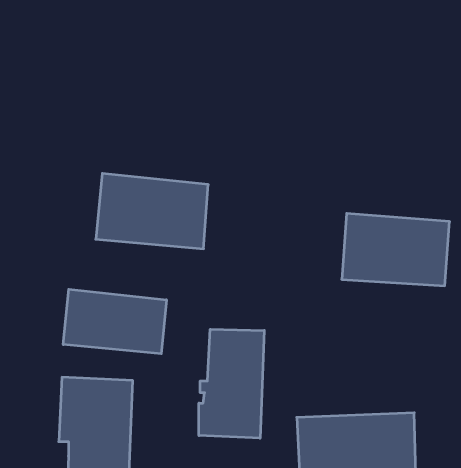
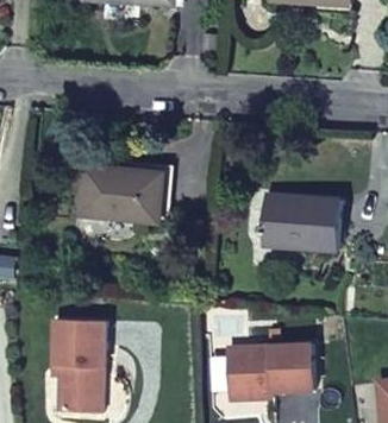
building: [63,289,166,354] -> none
building: [199,329,264,438] -> none

